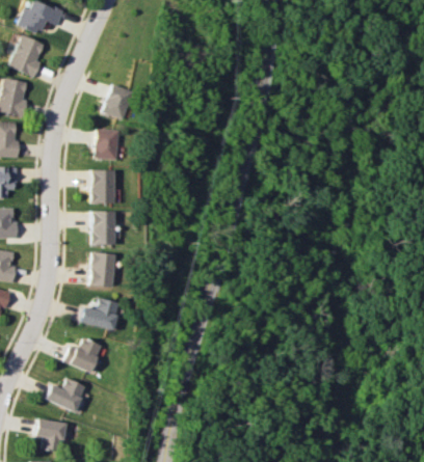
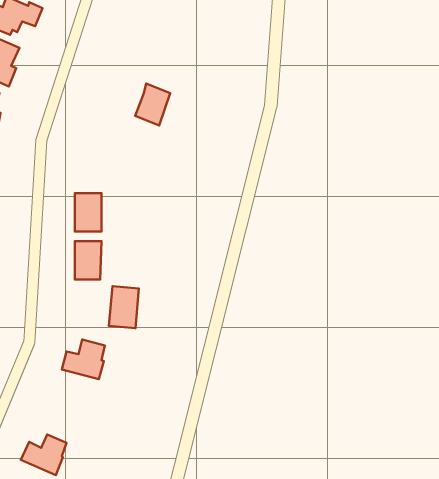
building: [103,84,133,120] -> [135,84,170,126]
building: [96,129,120,160] -> none
building: [89,251,115,288] -> [109,286,139,328]
building: [64,337,102,374] -> none

